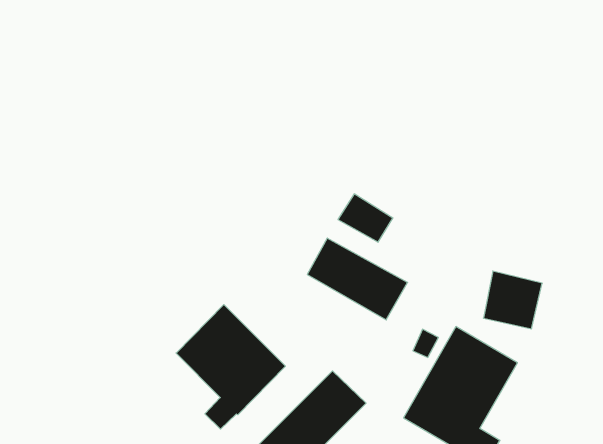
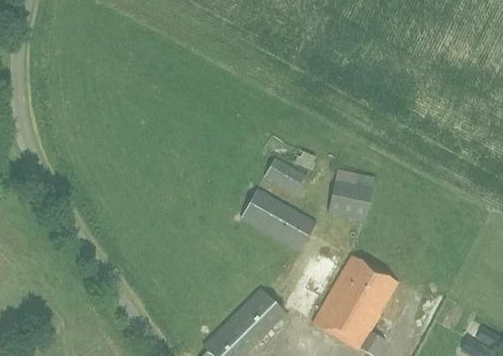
building: [483,271,542,329] -> [328,177,372,220]
building: [176,305,285,429] -> none

